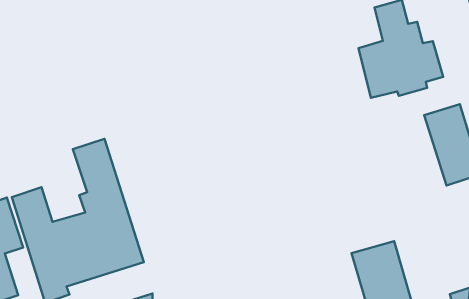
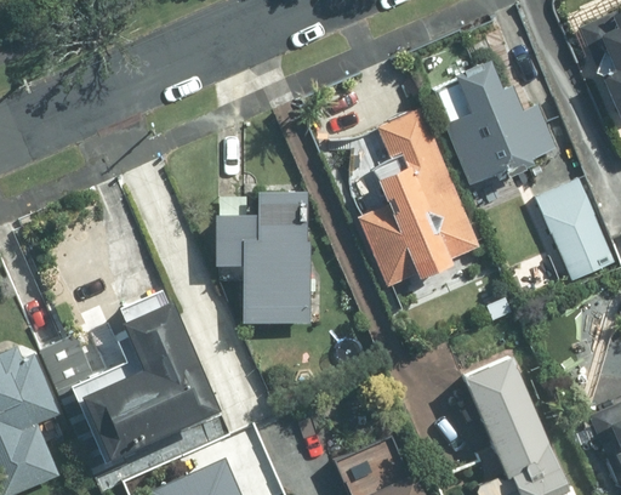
building: none -> [361,108,477,285]
building: none -> [200,200,295,330]

